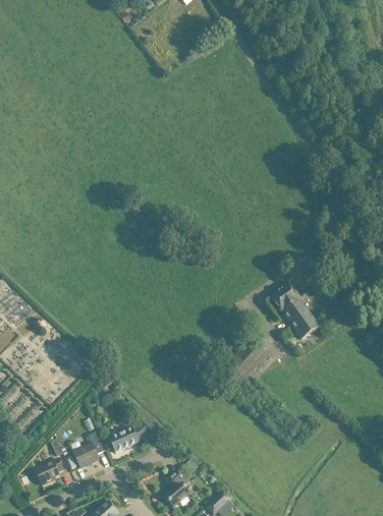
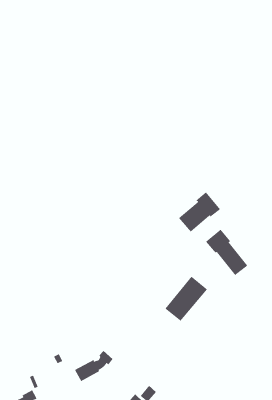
building: none -> [178,192,221,233]
building: [72,433,104,468] -> none

